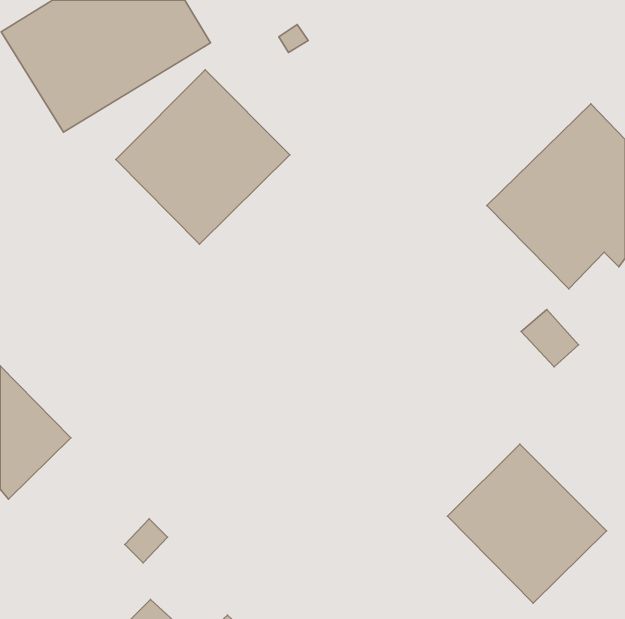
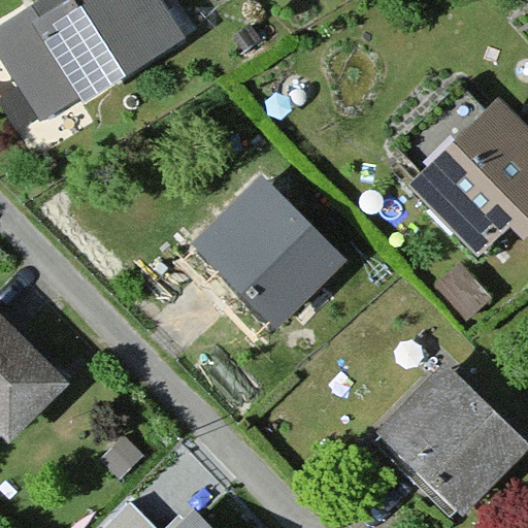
building: [116,70,290,244] -> none
building: none -> [202,182,338,317]

